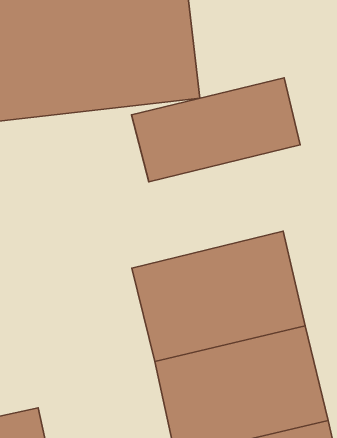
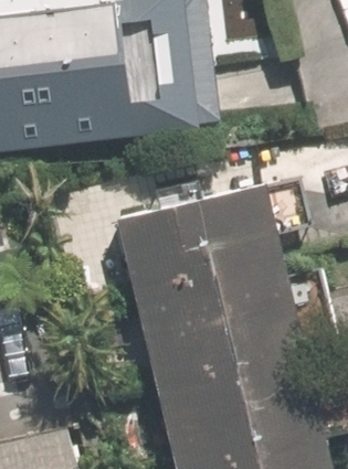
building: [131,78,300,182] -> [122,192,283,291]

